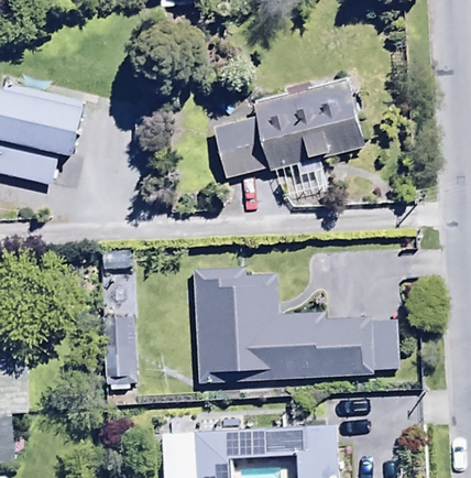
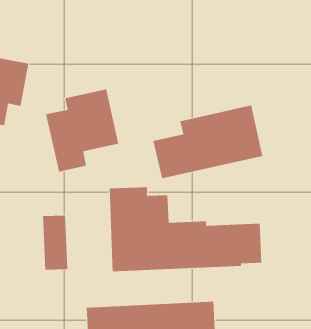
building: [213,77,363,177] -> [153,105,263,179]
building: none -> [46,89,119,172]

